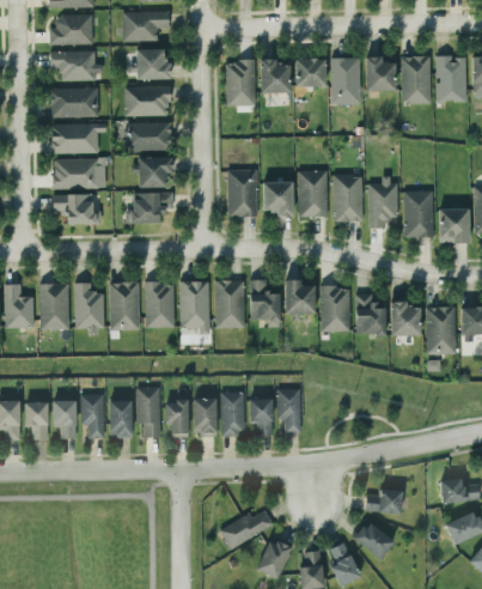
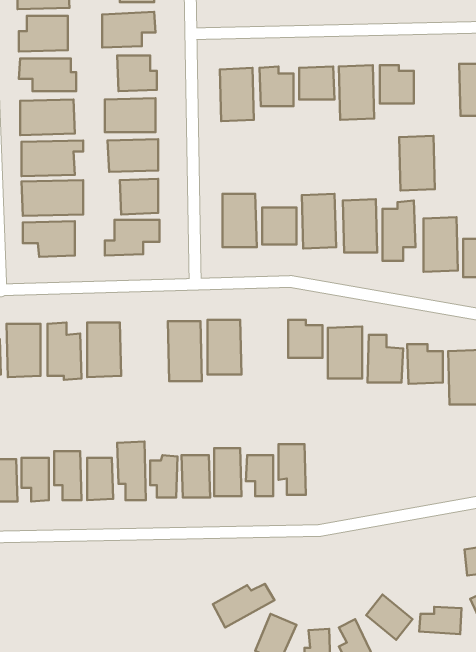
building: [399,56,431,104] -> [399,136,435,190]
building: [249,280,280,328] -> none
building: [144,283,175,328] -> none
building: [365,490,402,514] -> [419,607,462,634]

